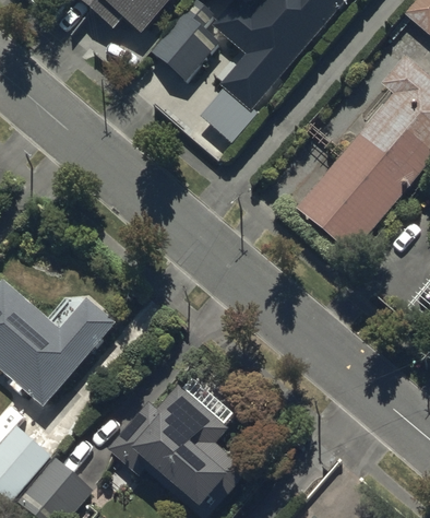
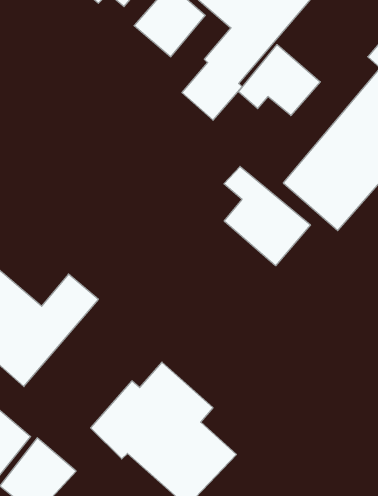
building: none -> [239,45,320,116]
building: none -> [224,166,310,266]

